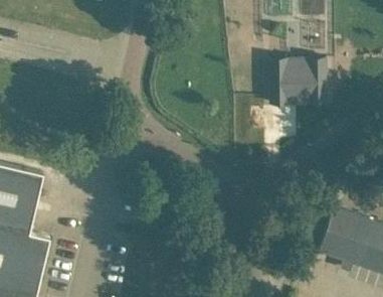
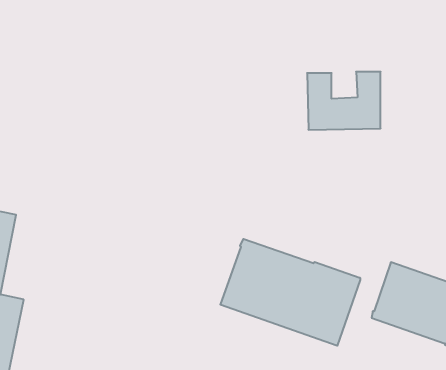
building: none -> [220,239,360,346]

